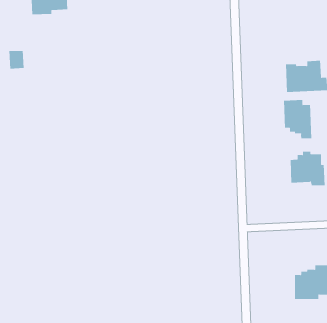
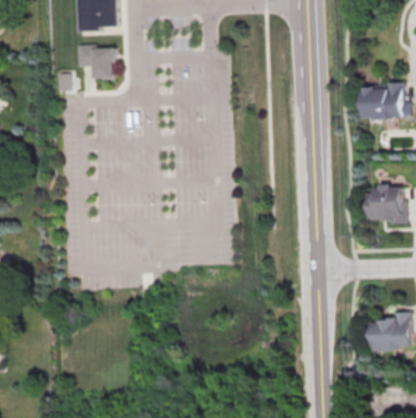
building: none -> [77,44,115,78]
building: [283,99,312,139] -> none

